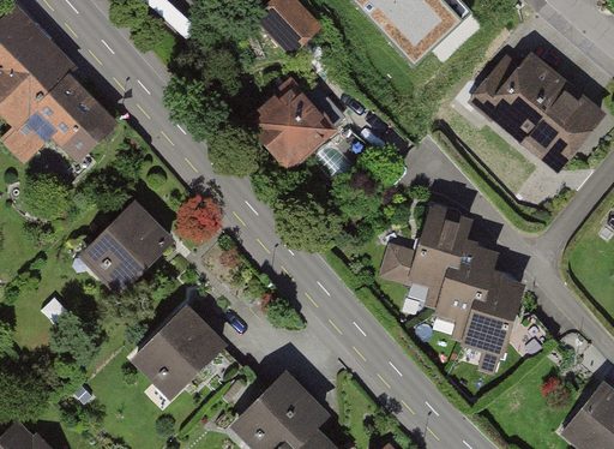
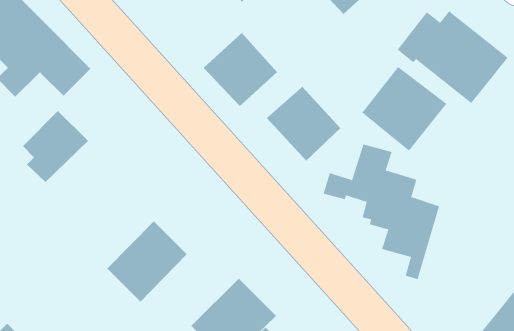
building: none -> [361,66,447,152]
building: none -> [266,86,341,161]
building: [94,203,171,288] -> [22,110,89,183]

